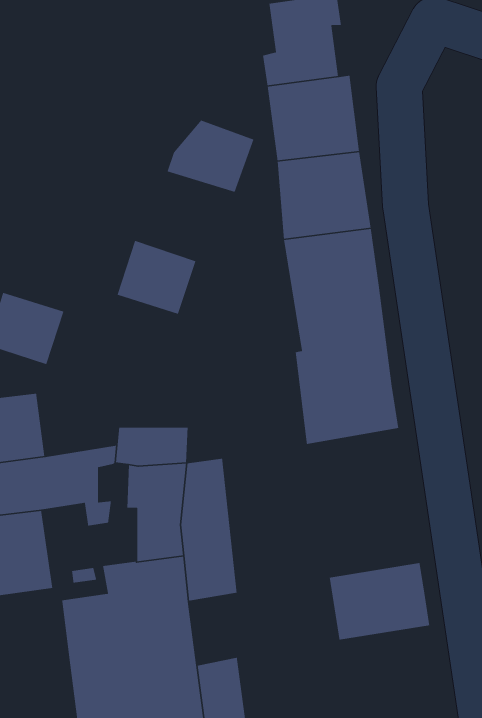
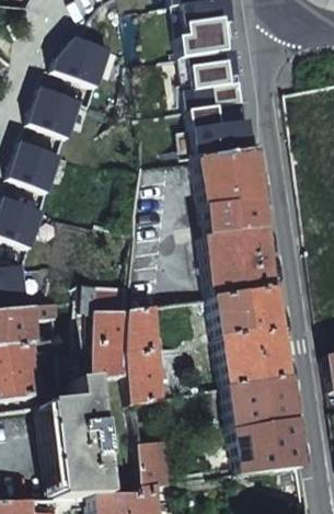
building: [167,120,255,193] -> [56,35,115,84]
building: none -> [32,85,85,136]
building: [117,240,197,315] -> [13,139,67,190]
building: none -> [210,288,287,388]
building: none -> [232,421,301,473]

